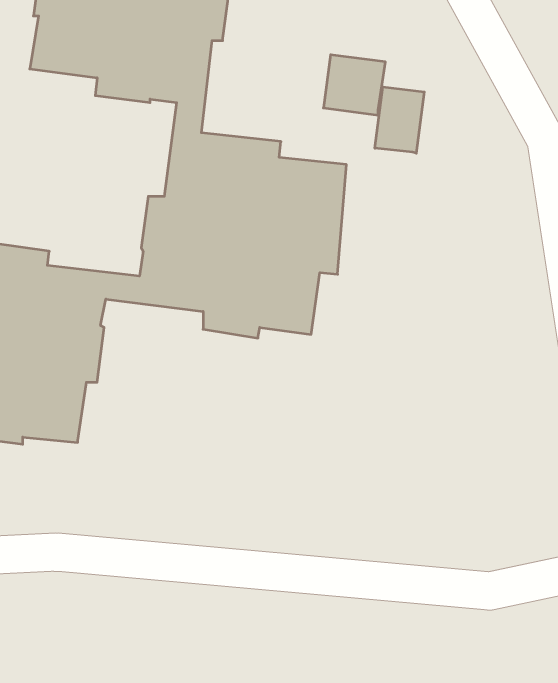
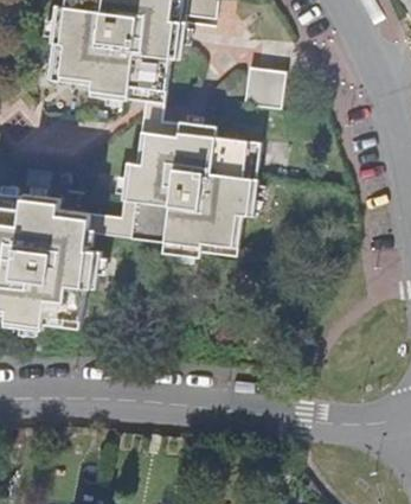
building: [375,87,424,153] -> none

